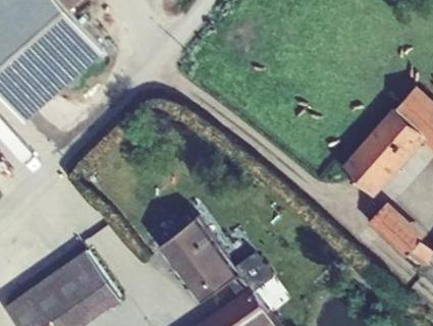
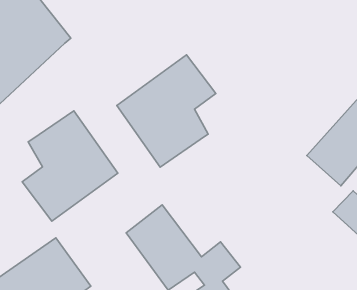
building: none -> [117,55,216,167]
building: none -> [22,111,118,221]

